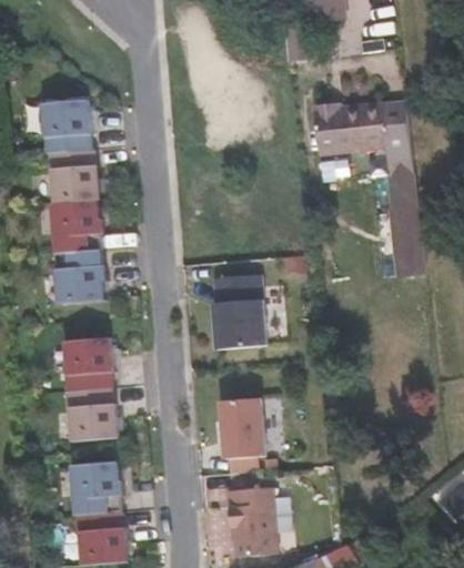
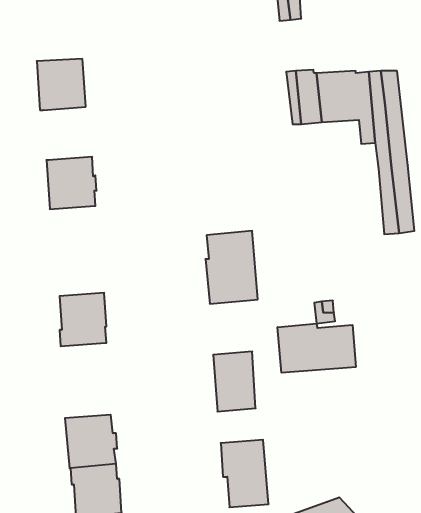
building: [47,146,99,201] -> none
building: [52,247,104,301] -> none
building: none -> [278,323,356,373]
building: [63,387,117,440] -> none

